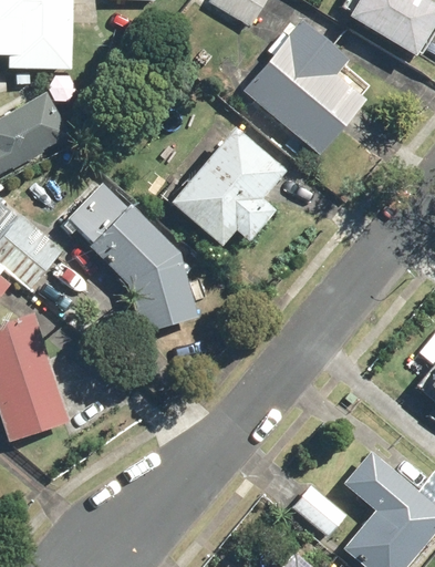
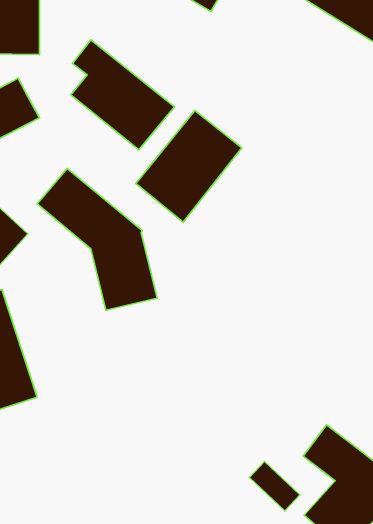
building: [247,18,365,154] -> none
building: none -> [71,40,175,150]

